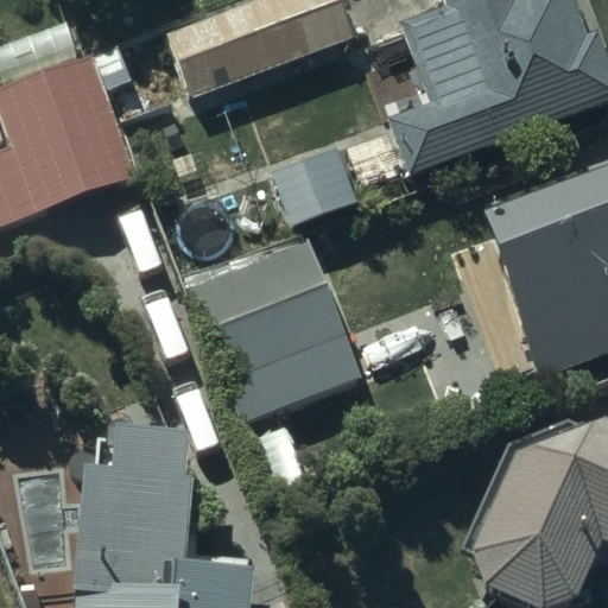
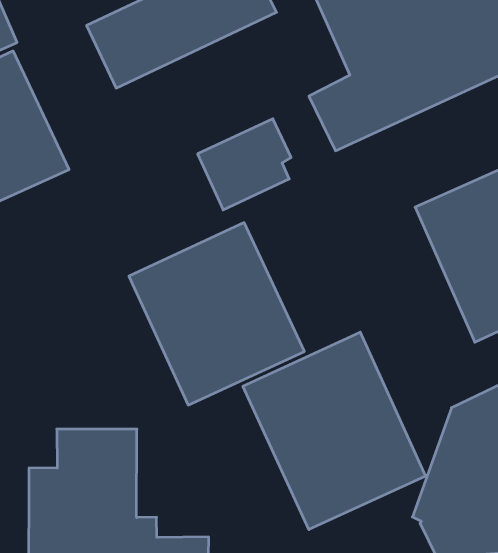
building: none -> [243,332,426,530]

